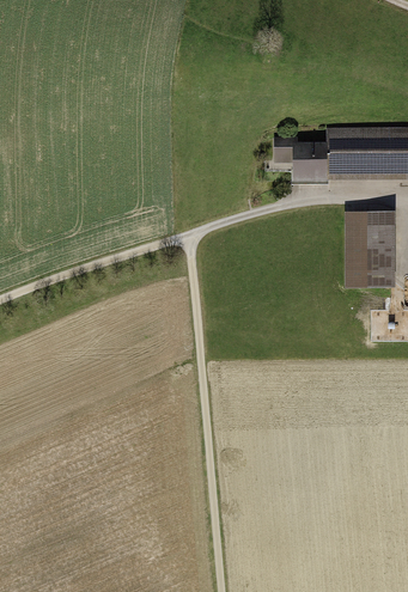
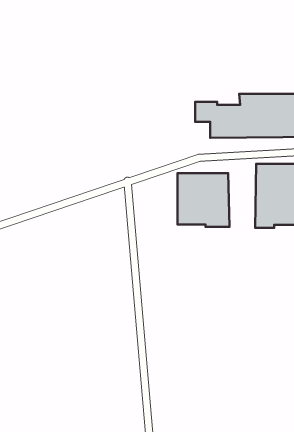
building: none -> [177,173,230,227]

